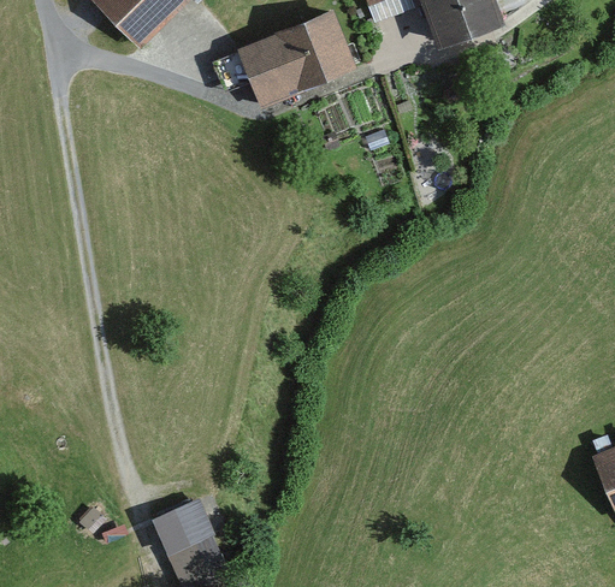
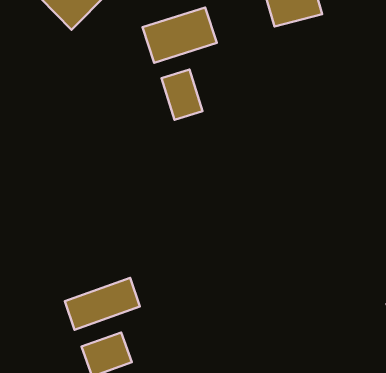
building: none -> [161,69,203,120]
building: none -> [65,278,140,330]

